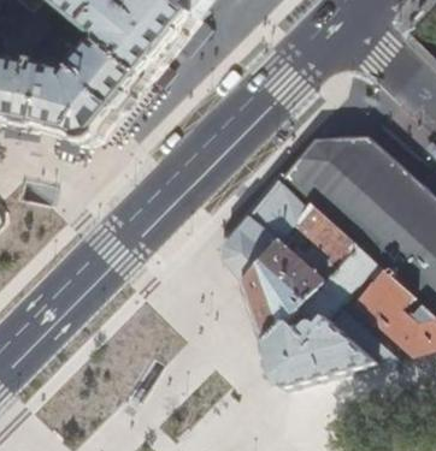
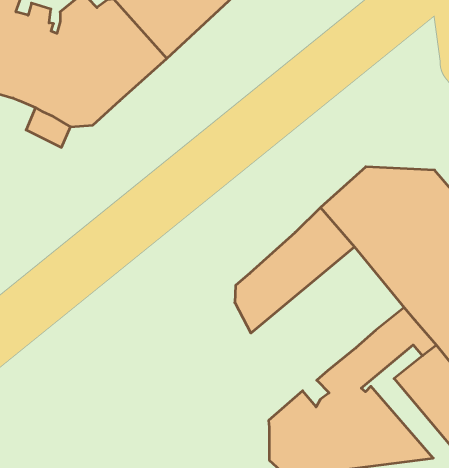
building: [238,201,354,343] -> none

